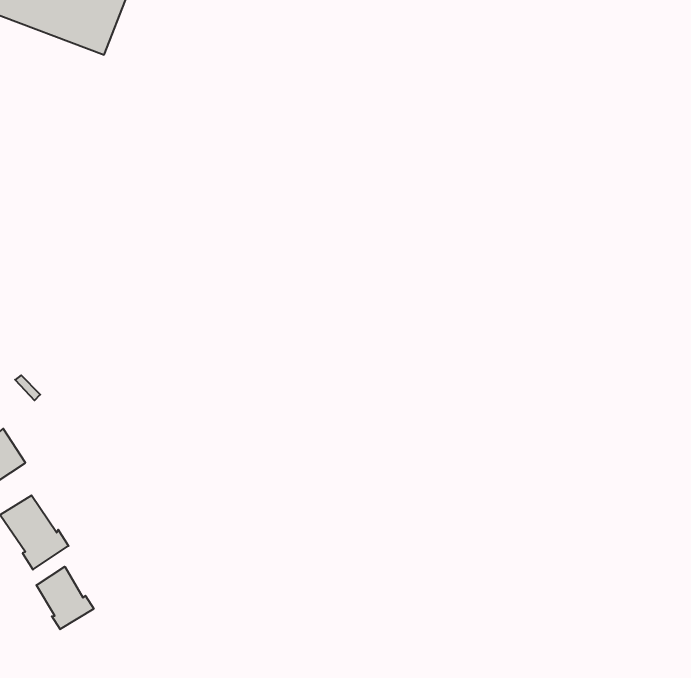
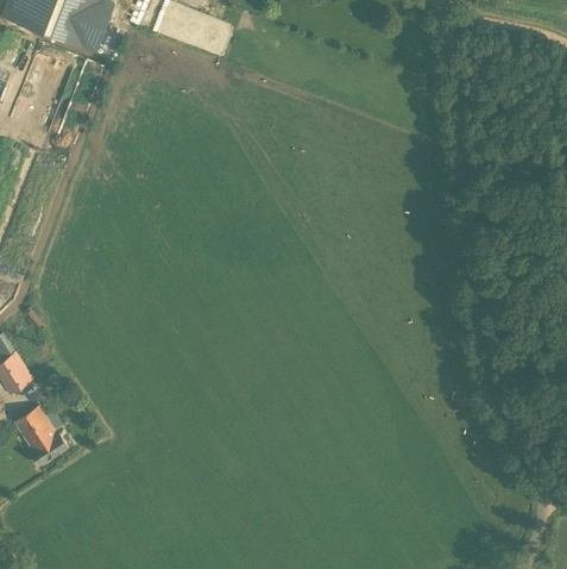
building: [36,567,94,629] -> none

